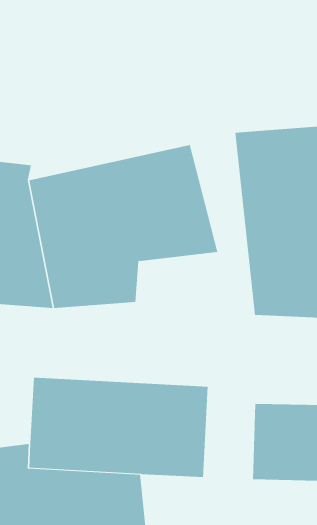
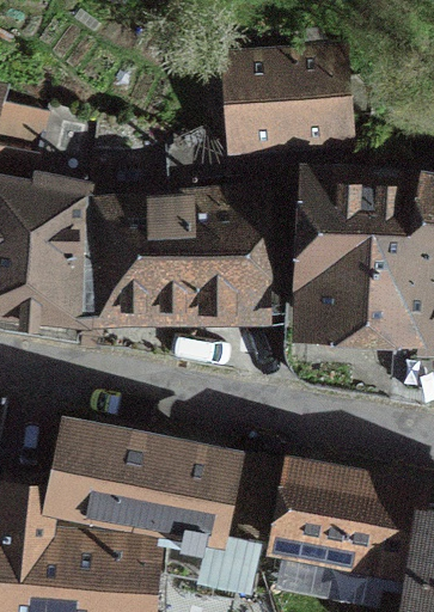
building: none -> [219,43,350,152]

